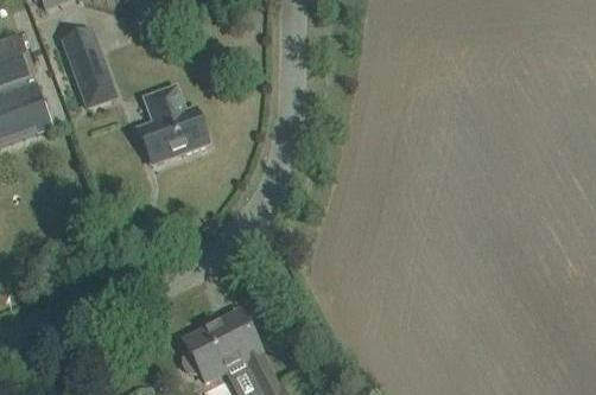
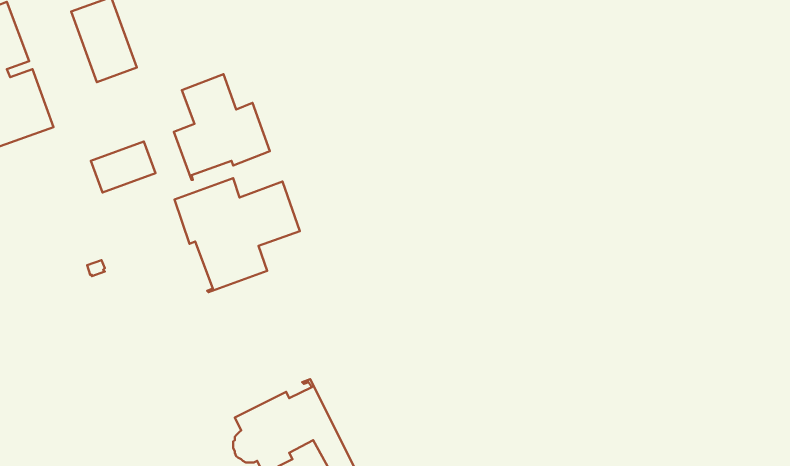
building: none -> [91,142,156,193]
building: none -> [174,178,300,292]

